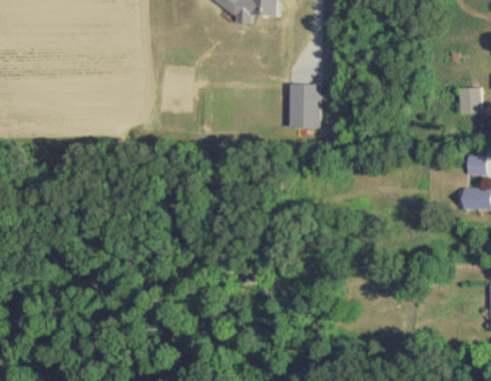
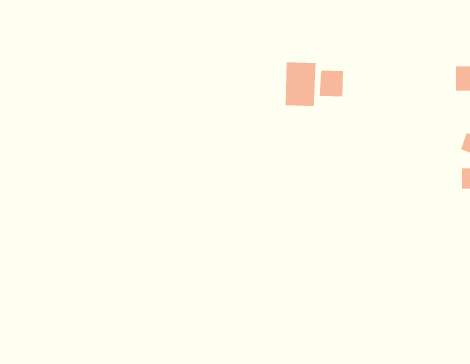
building: none -> [319,70,344,97]

